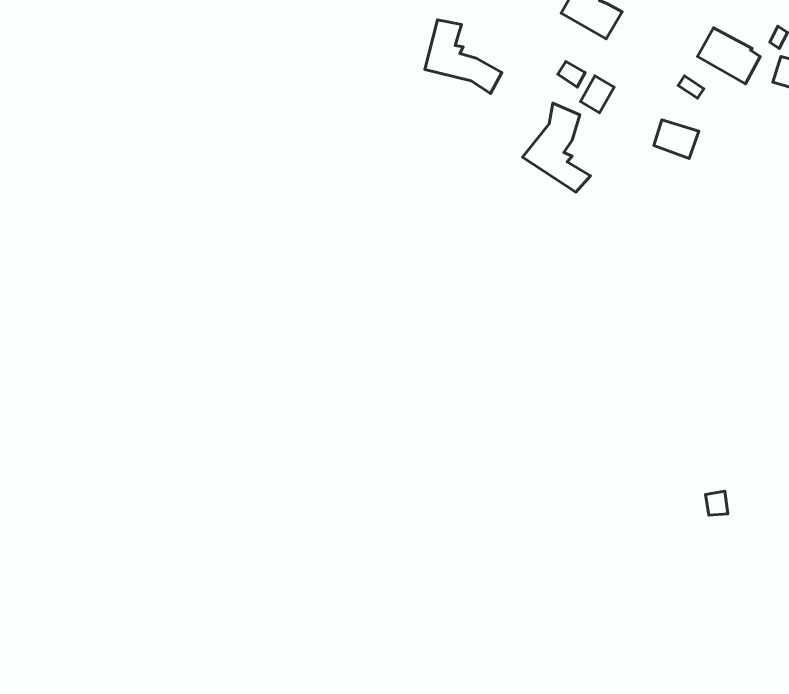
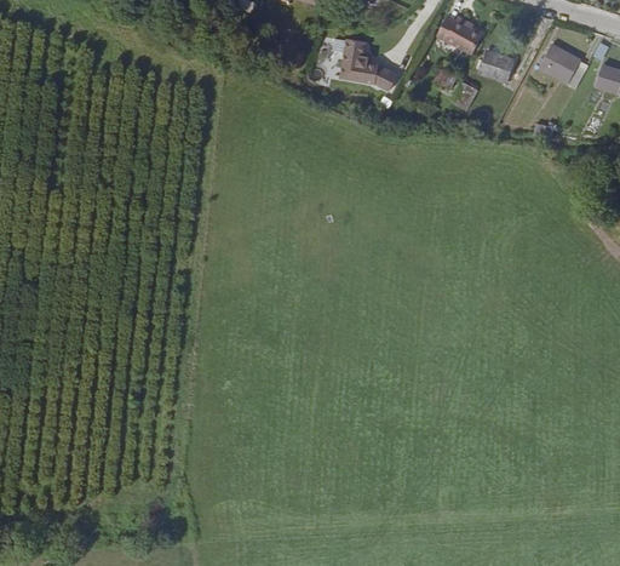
building: [522,103,590,192] -> none
building: [654,120,699,158] -> [480,52,513,81]

